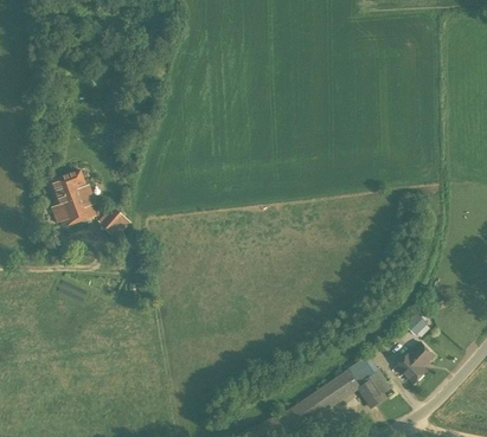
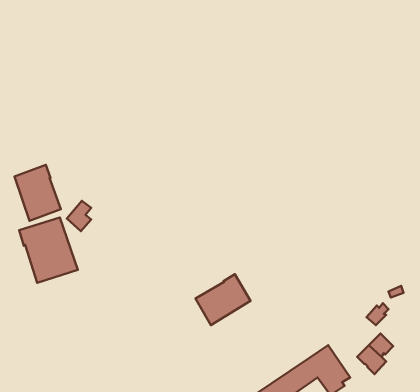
building: none -> [19,217,78,283]
building: none -> [195,274,250,325]

